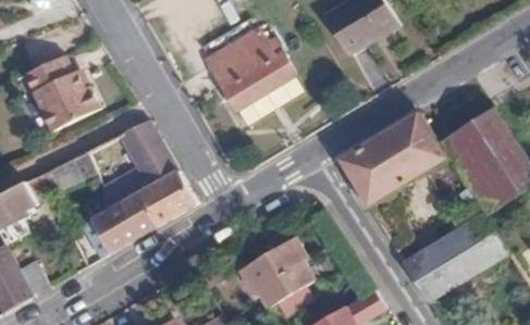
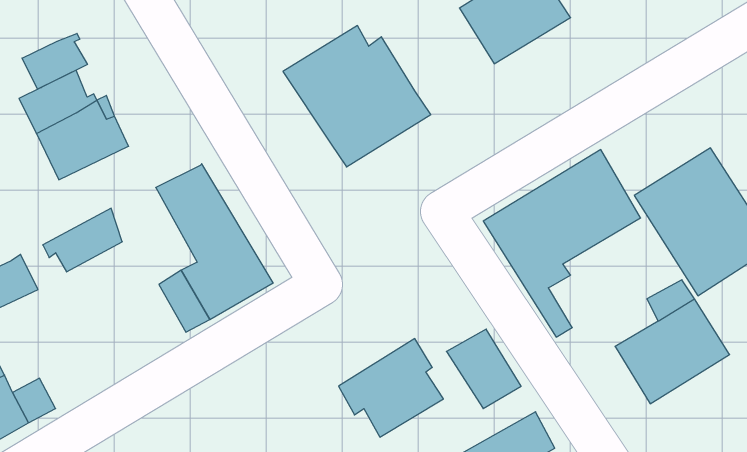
building: none -> [22,33,87,89]
building: [67,202,136,252] -> none
building: [403,245,454,299] -> [446,329,521,409]

